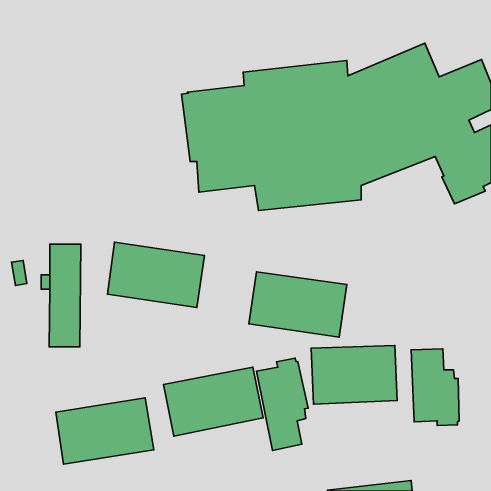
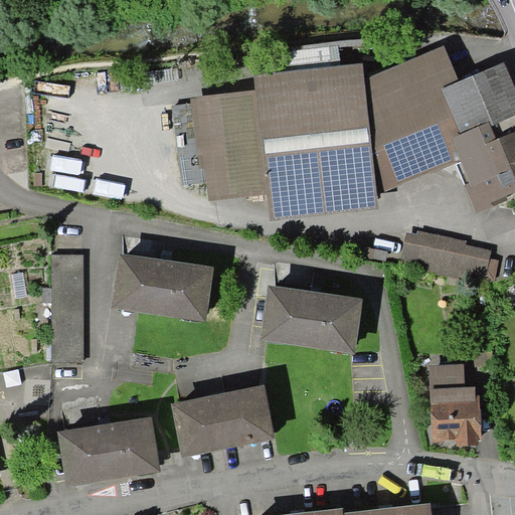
building: none -> [399,230,499,285]
building: [311,345,397,404] -> none
building: [256,358,308,450] -> none

